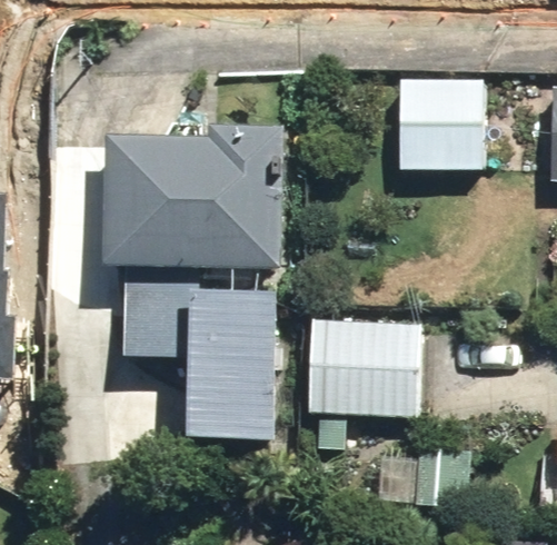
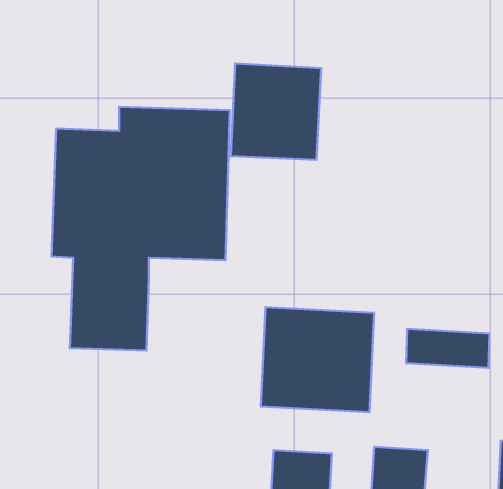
building: [399,79,487,172] -> [231,64,321,160]
building: [196,287,273,440] -> none

